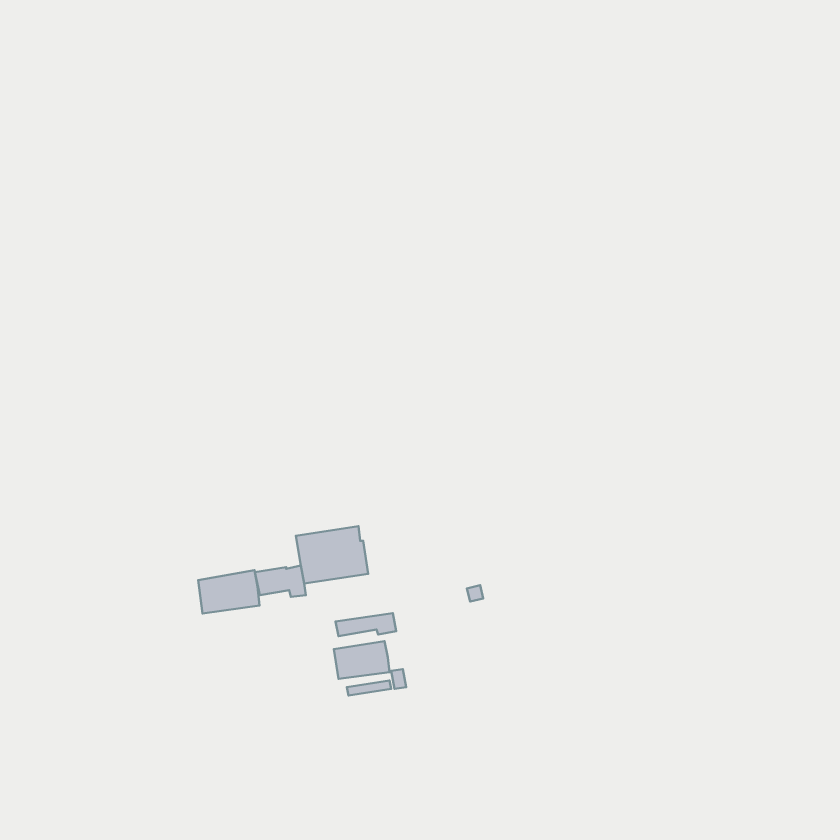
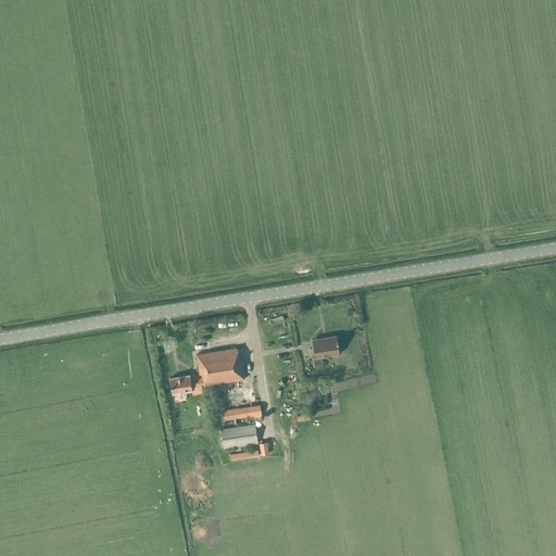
building: none -> [313,337,339,366]
building: [198,570,260,613] -> none

